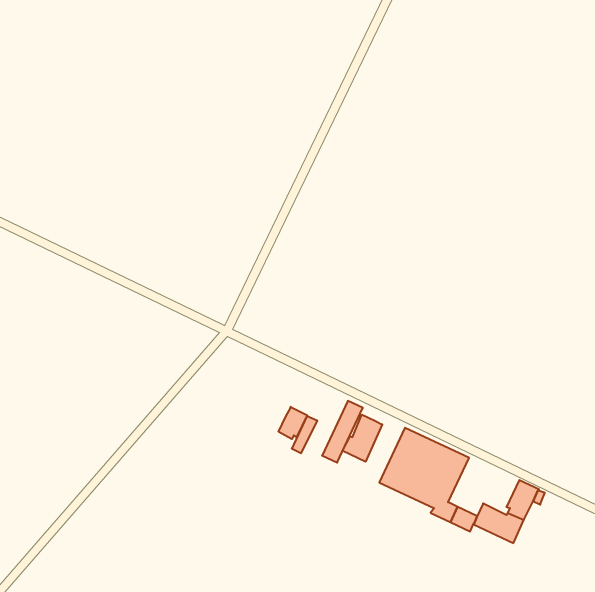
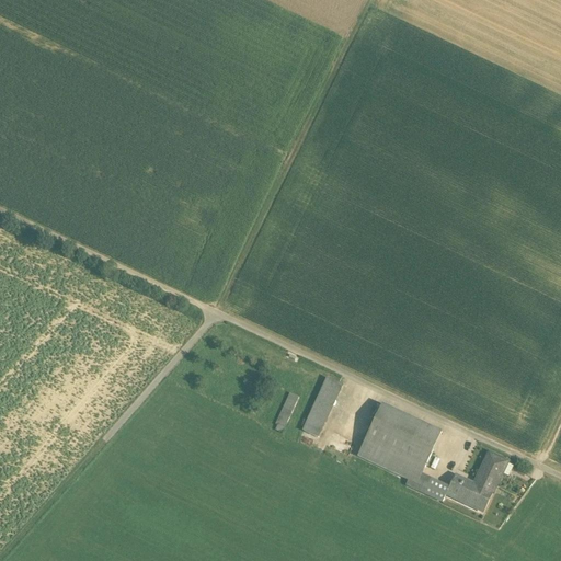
building: [279,407,307,439] -> none
building: [343,415,382,462] -> none

